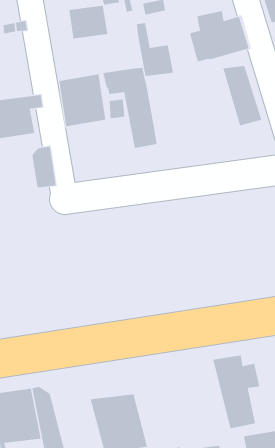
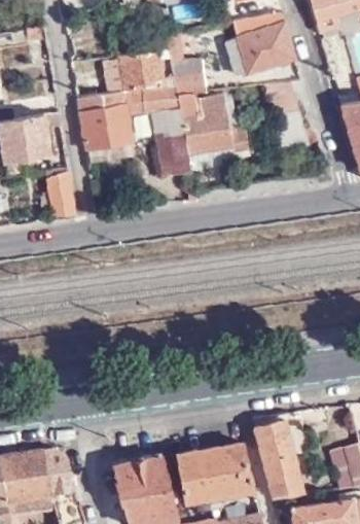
building: [68,5,108,39] -> [117,51,163,91]
building: none -> [177,95,247,152]
building: none -> [178,443,255,501]

